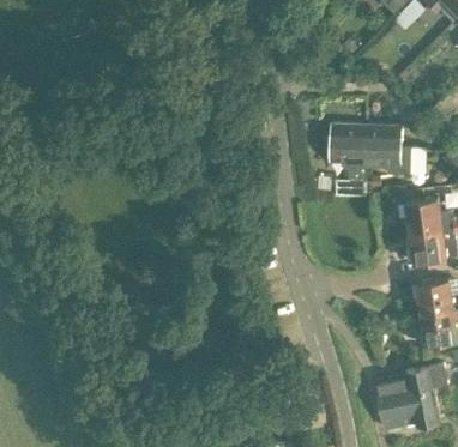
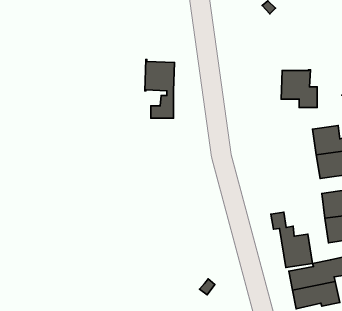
building: [329,125,366,199] -> [145,60,174,118]
building: none -> [271,212,312,268]

